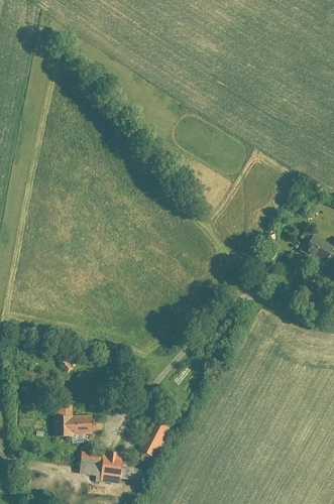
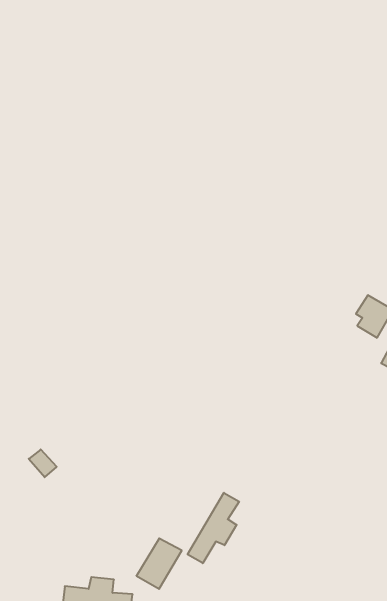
building: none -> [188,493,239,563]
building: [53,414,94,434] -> none

